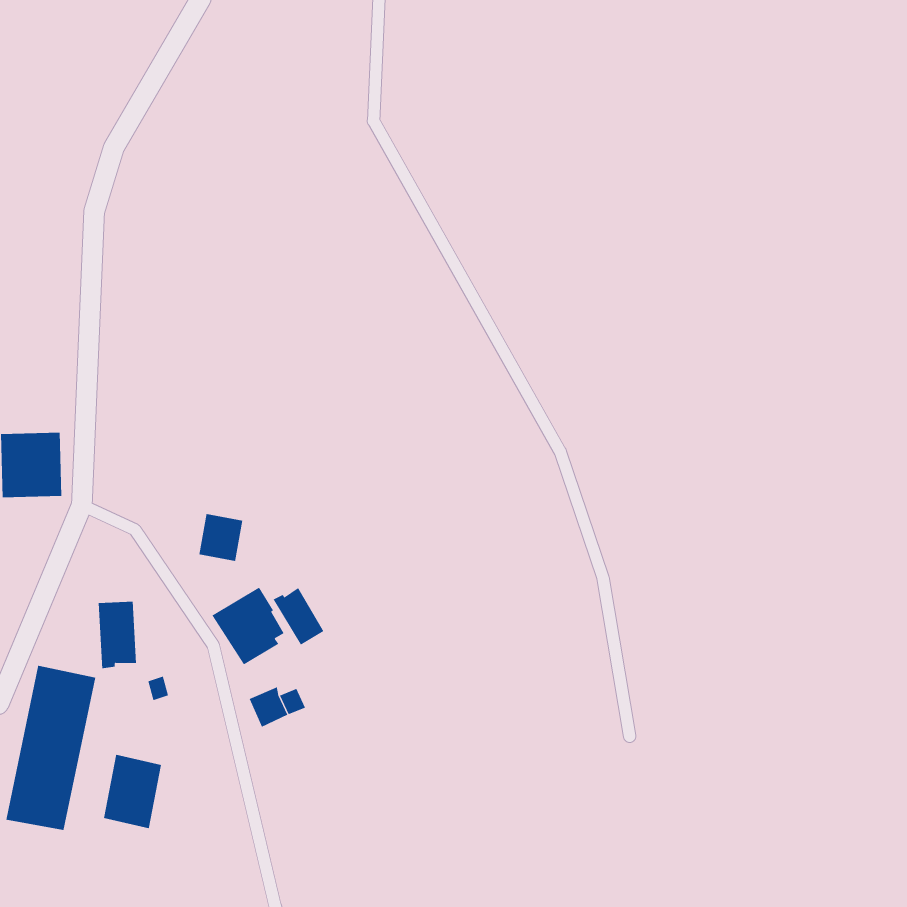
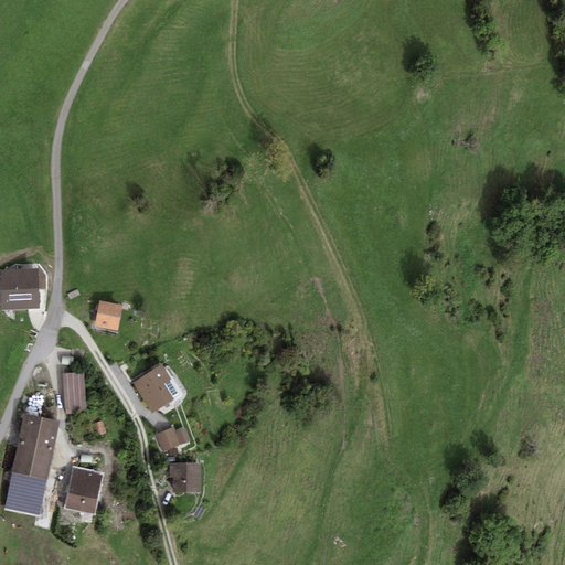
building: [199,513,243,562] -> [94,300,121,330]
building: [273,587,324,646] -> none
building: none -> [169,462,200,493]

